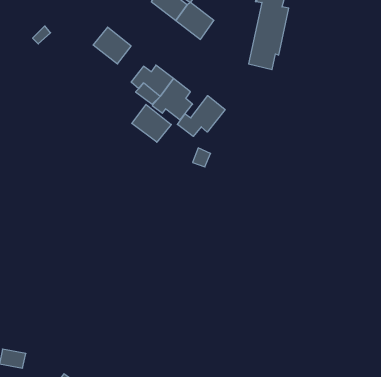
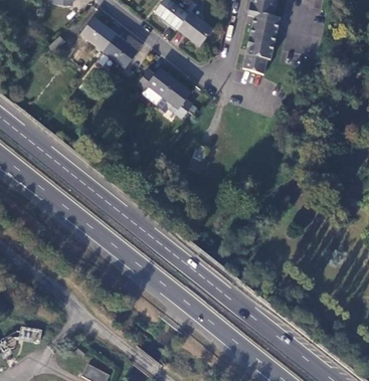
building: none -> [81,18,117,51]
building: [177,96,225,136] -> none
building: [132,104,171,142] -> none

